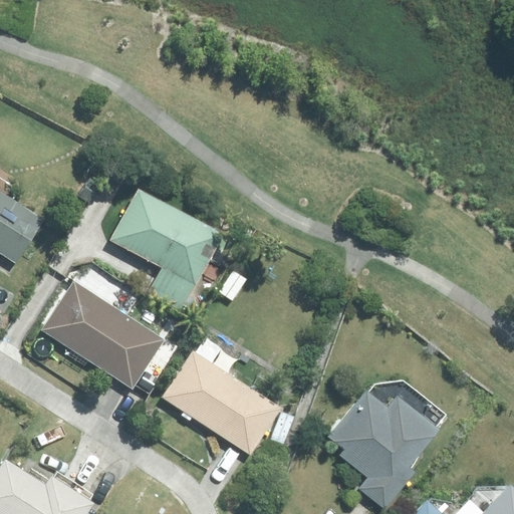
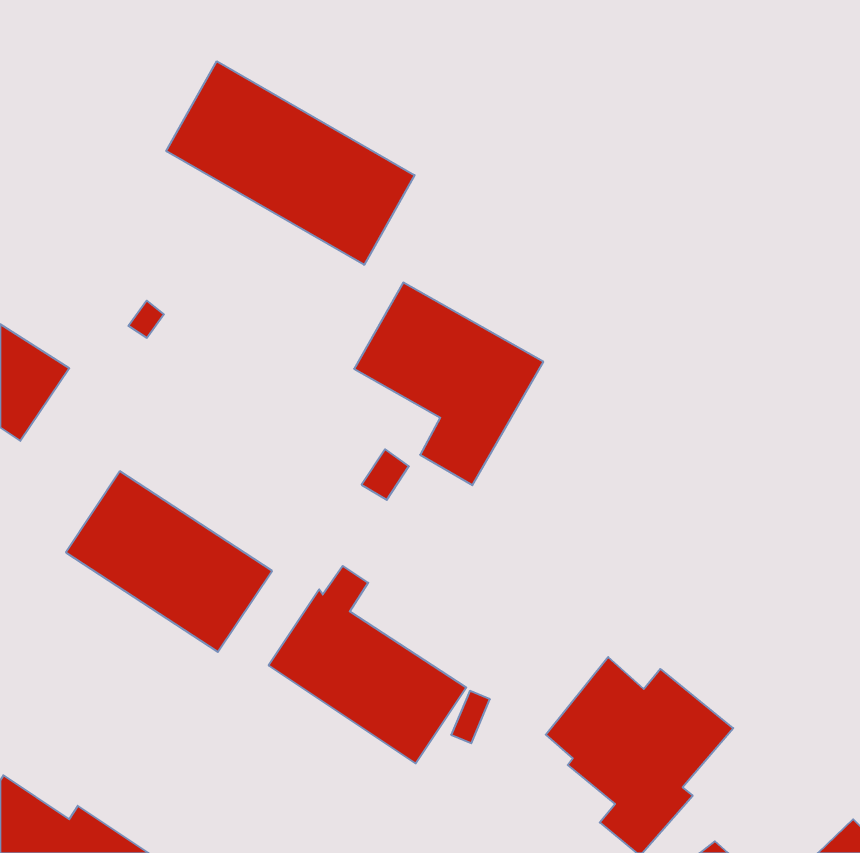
building: none -> [166,61,415,265]
building: [109,188,222,308] -> [354,283,543,485]

